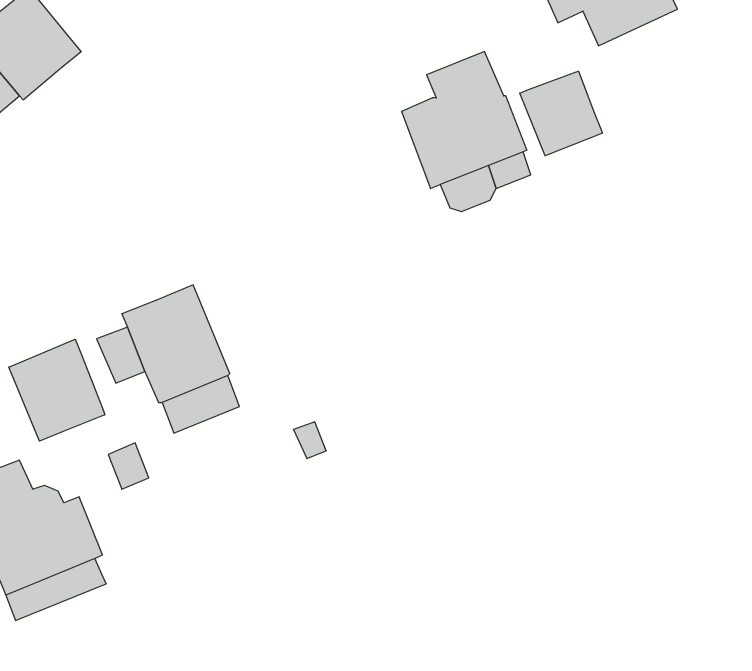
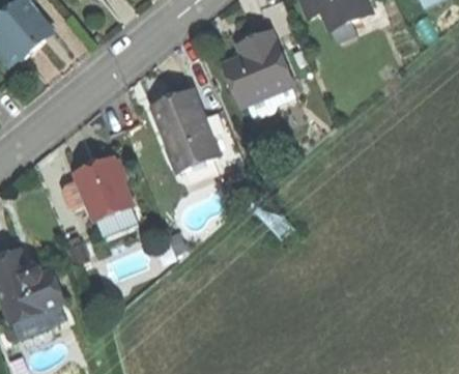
building: [520,71,603,156] -> none
building: none -> [151,88,218,169]
building: [9,339,105,441] -> none

